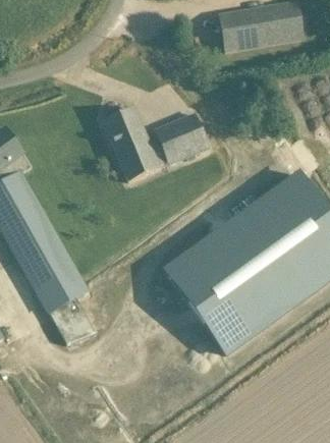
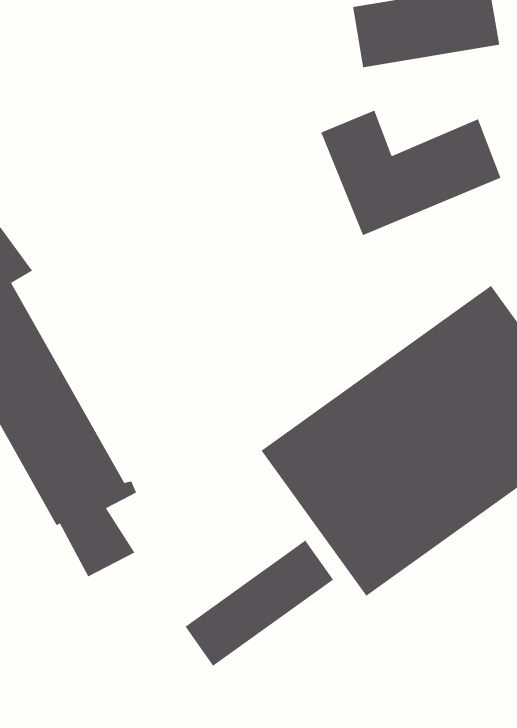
building: [103,107,208,180] -> [320,109,502,236]
building: none -> [184,540,334,667]

